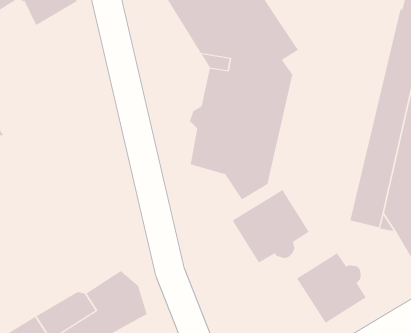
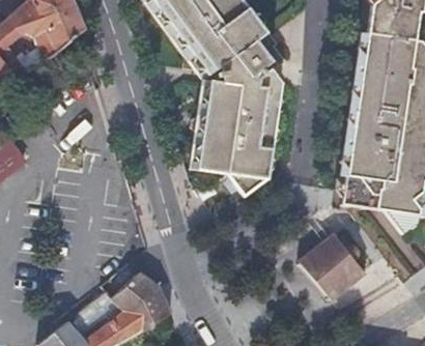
building: [232,189,310,263] -> none

